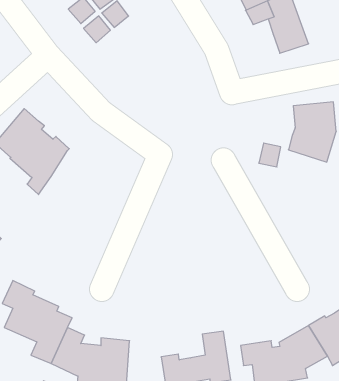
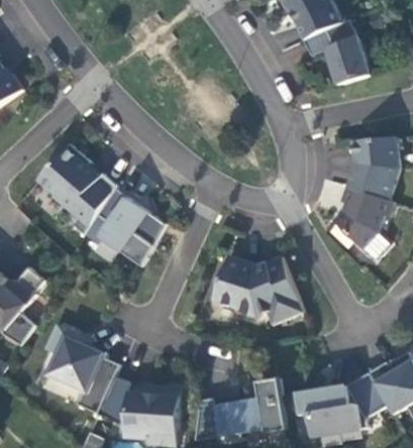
building: none -> [334,186,394,248]
building: none -> [97,188,152,266]
building: none -> [213,255,303,325]

